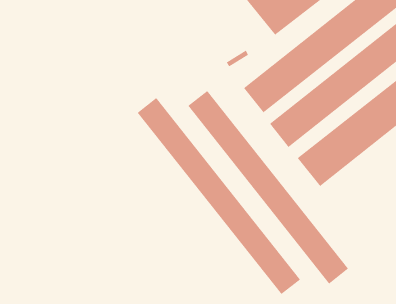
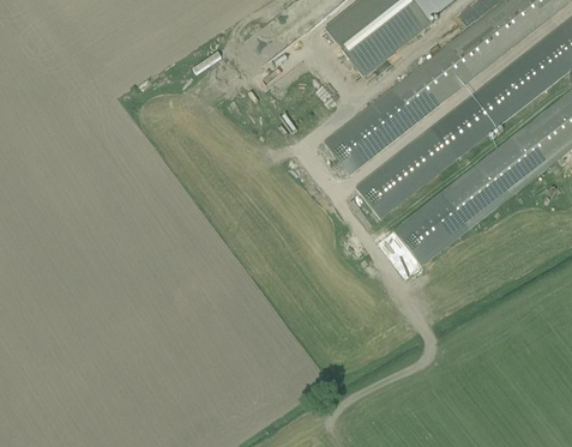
building: [187,90,349,284] -> none
building: [137,97,301,295] -> none

